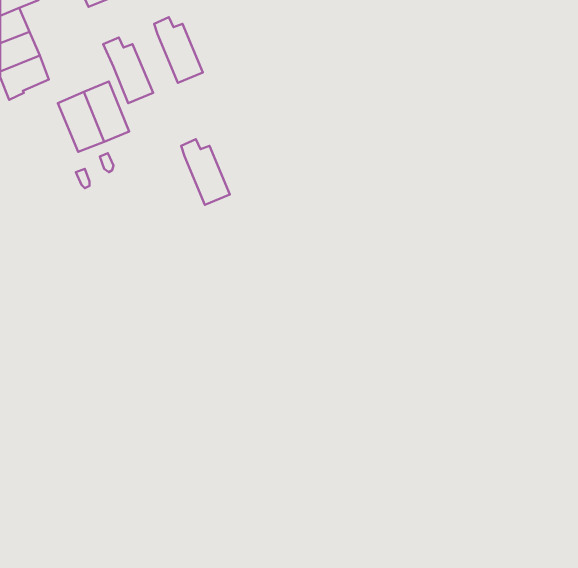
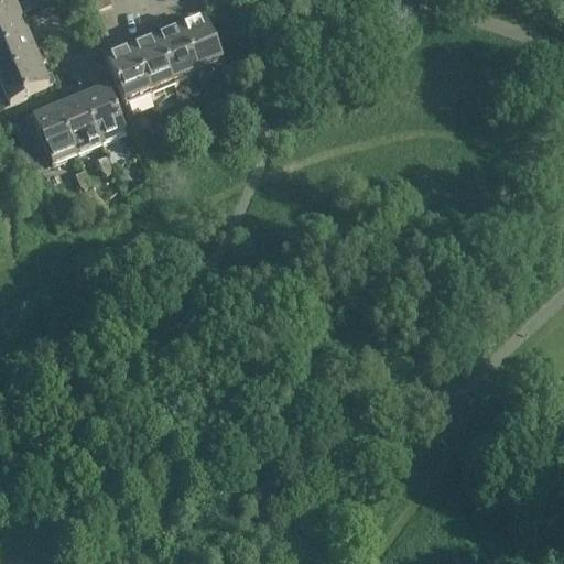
building: none -> [175,7,224,70]
building: none -> [18,100,77,158]
building: [181,139,230,205] -> [127,26,174,90]

